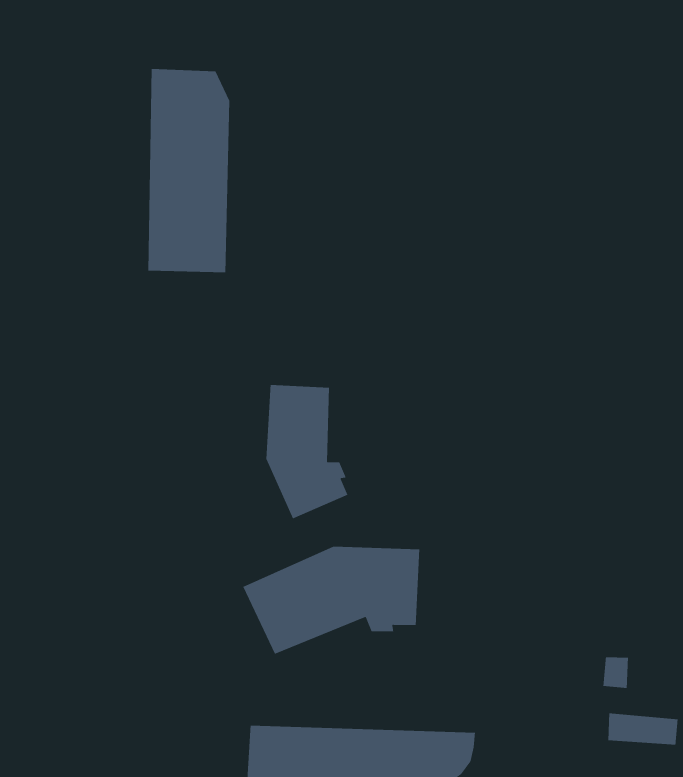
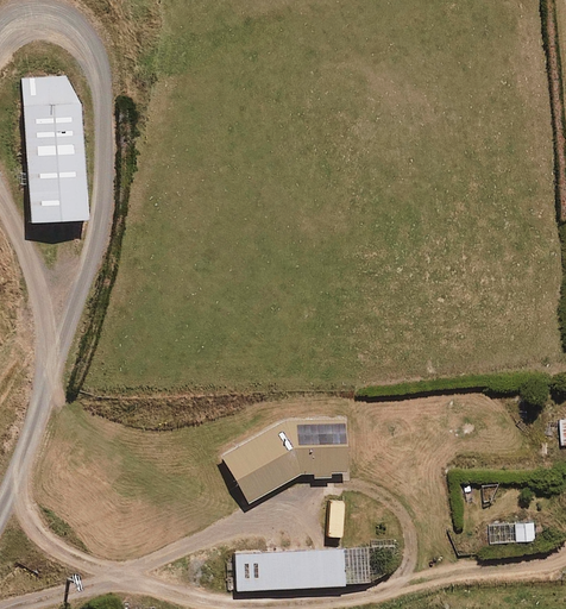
building: [148,68,230,273] -> [20,76,87,222]
building: [266,384,348,520] -> none

